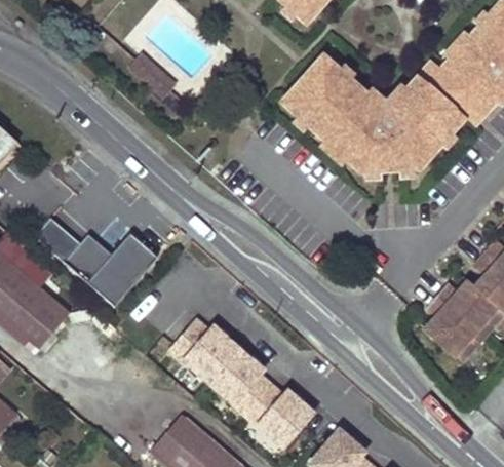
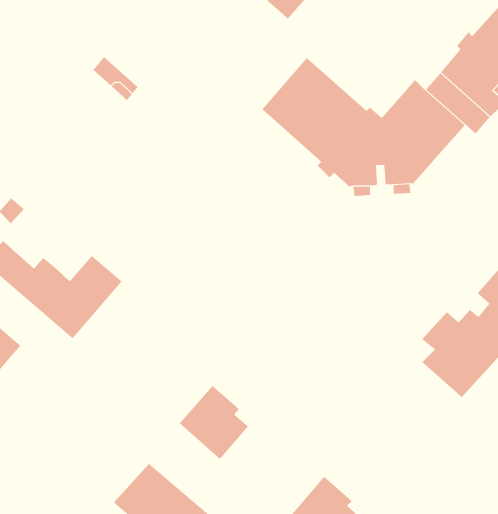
building: [170,319,238,381] -> none
building: [245,384,312,445] -> none

